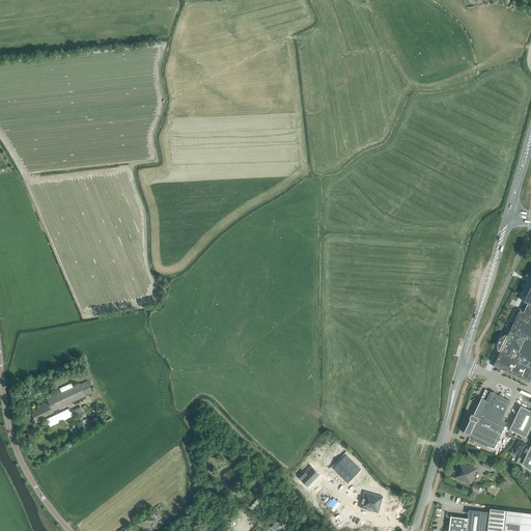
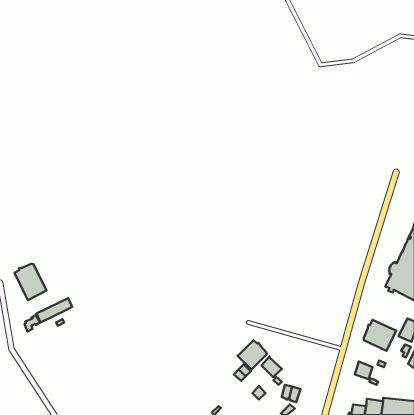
building: none -> [15,264,46,300]
building: [477,389,511,420] -> none
building: none -> [238,340,267,369]

